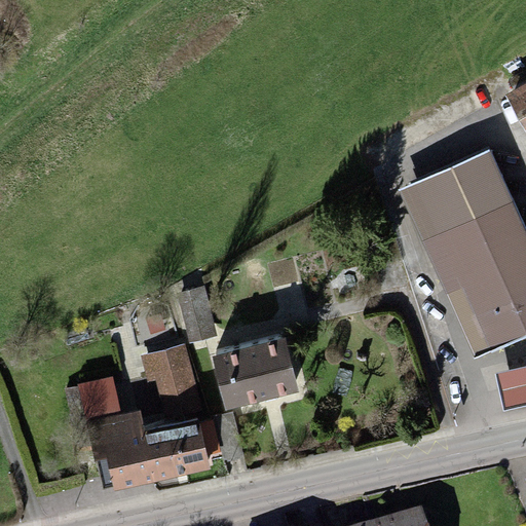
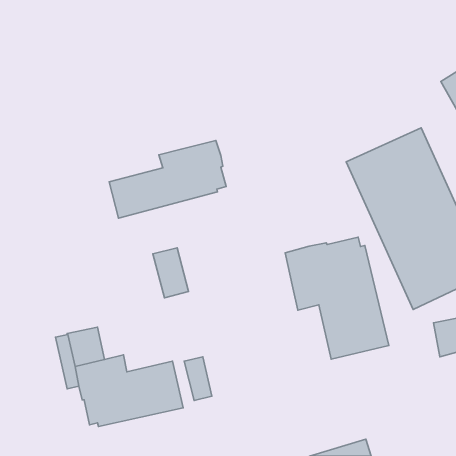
building: none -> [109,140,226,218]
building: none -> [285,237,389,359]
building: [213,336,300,409] -> none
building: [141,342,201,412] -> none

